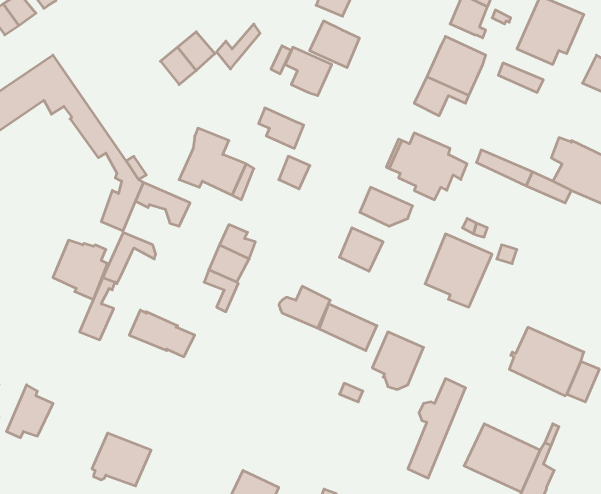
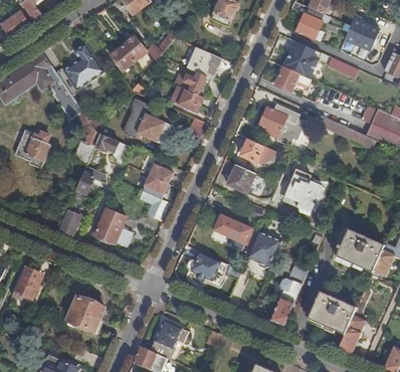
building: [310,21,359,68] -> [174,65,206,96]
building: none -> [63,44,104,90]
building: [53,240,107,299] -> [14,130,49,168]
building: [279,286,330,328] -> [187,252,220,280]

